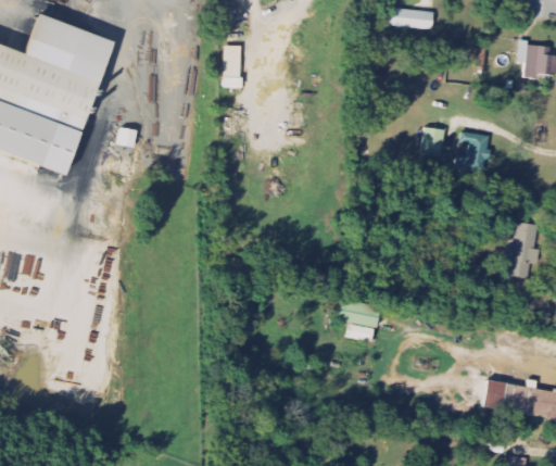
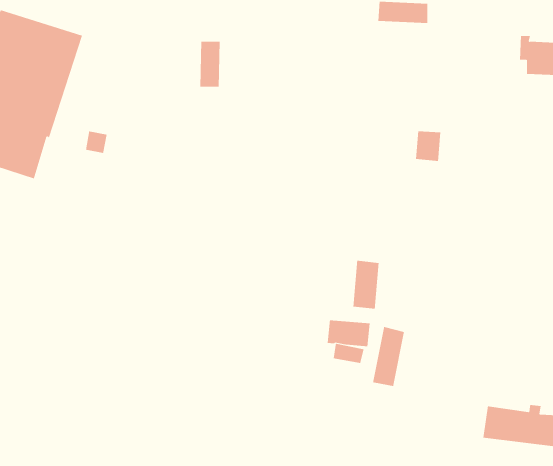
building: [455,133,489,173] -> none
building: [504,223,538,278] -> none
building: none -> [353,260,379,309]
building: none -> [372,326,405,387]

